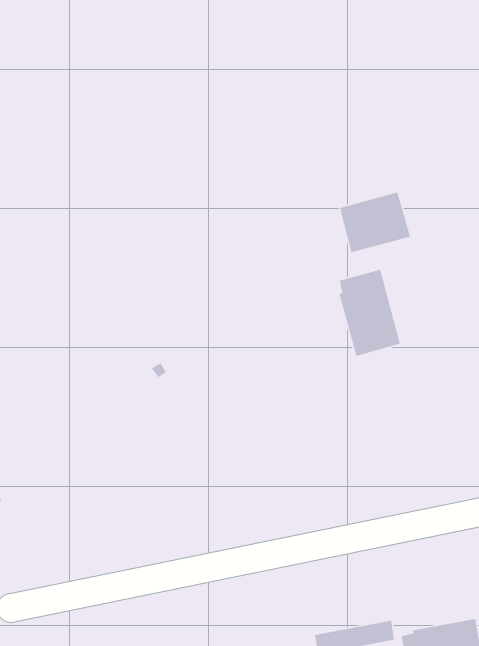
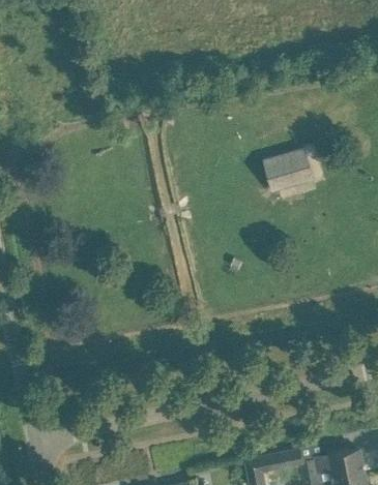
building: [338,269,401,357] -> none

